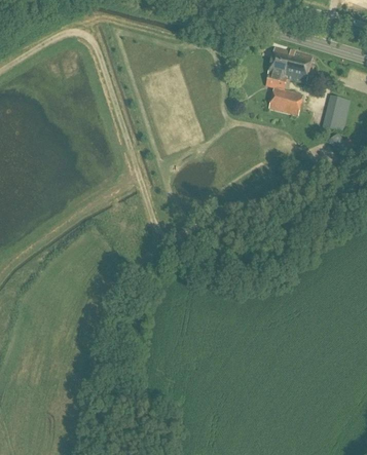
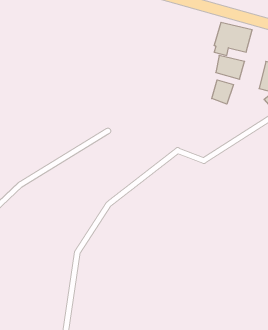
building: none -> [212,80,233,104]

